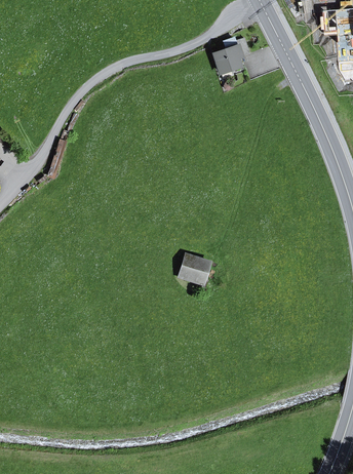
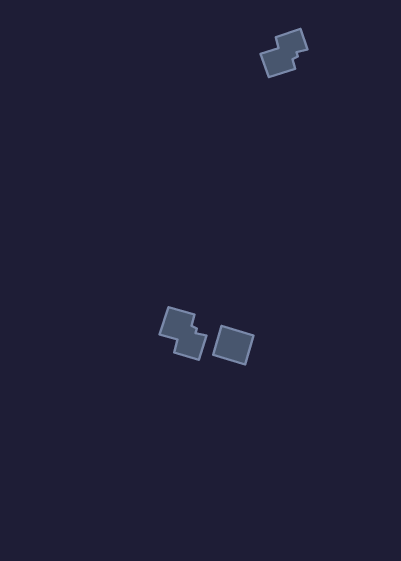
building: none -> [160,307,206,360]

